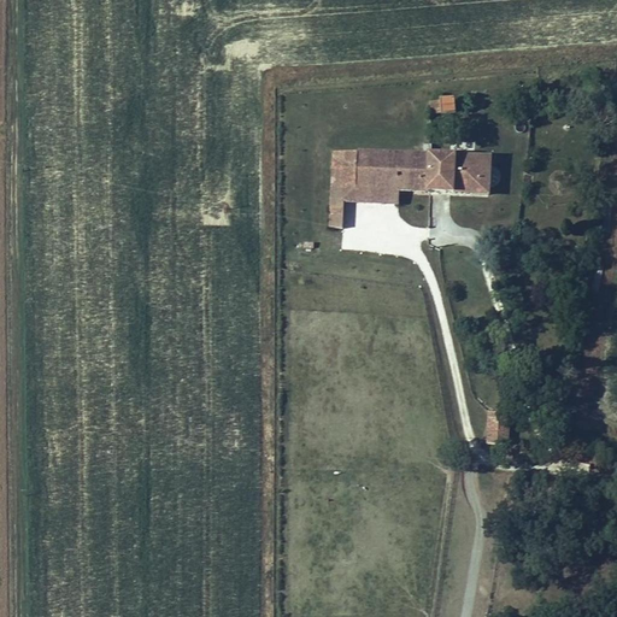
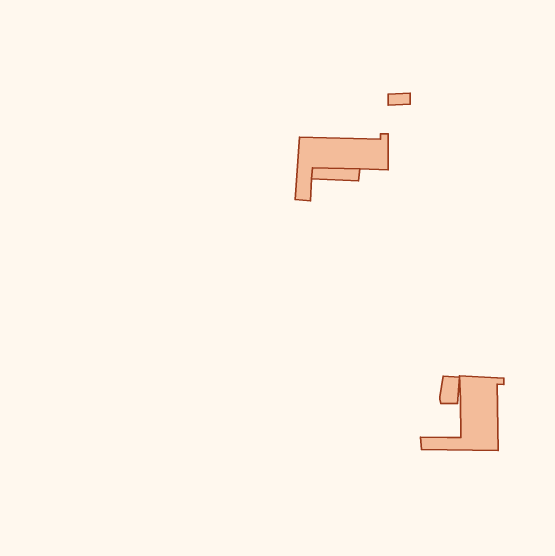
building: [433,153,490,189] -> none
building: none -> [420,376,504,450]

